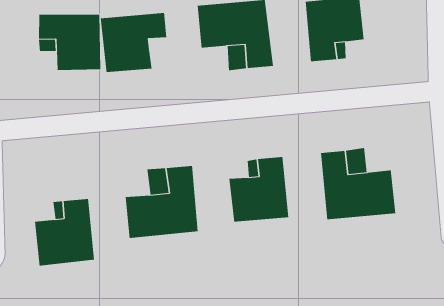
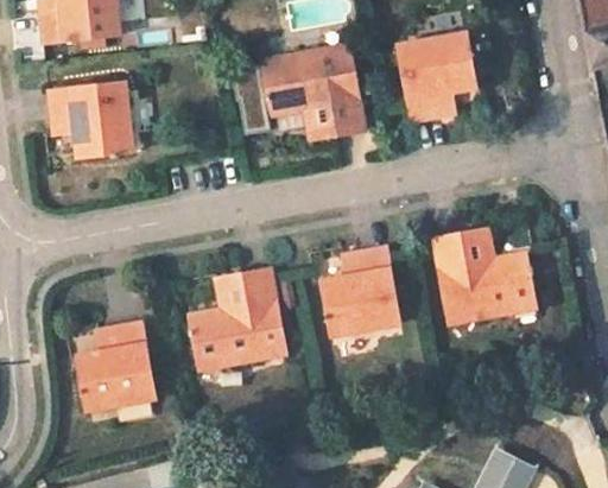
building: [100,12,167,73] -> none

